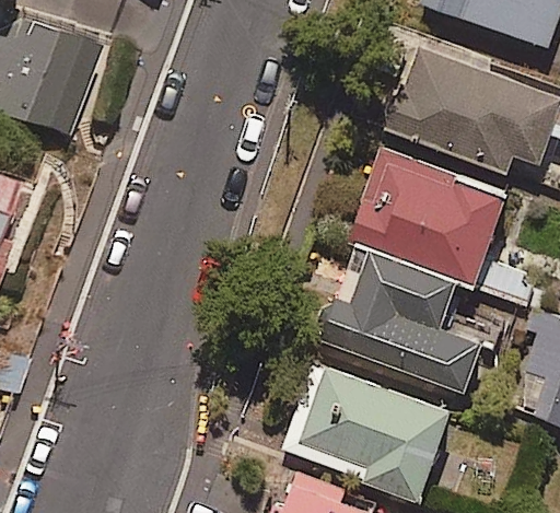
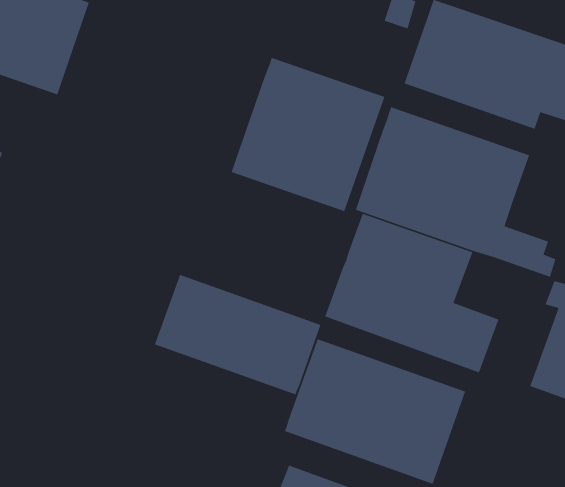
building: none -> [231,57,385,212]
building: none -> [154,274,322,396]

